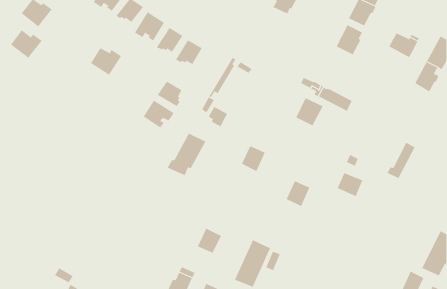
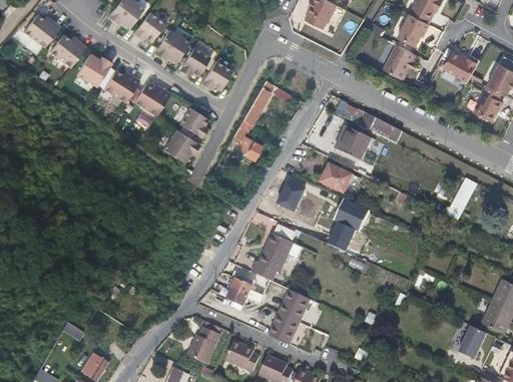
building: [10,30,43,58] -> [49,34,86,67]
building: none -> [76,53,111,87]
building: none -> [134,84,170,115]
building: none -> [322,163,353,192]
building: [167,133,206,176] -> [250,231,296,280]
building: [337,172,363,197] -> [338,202,368,230]

